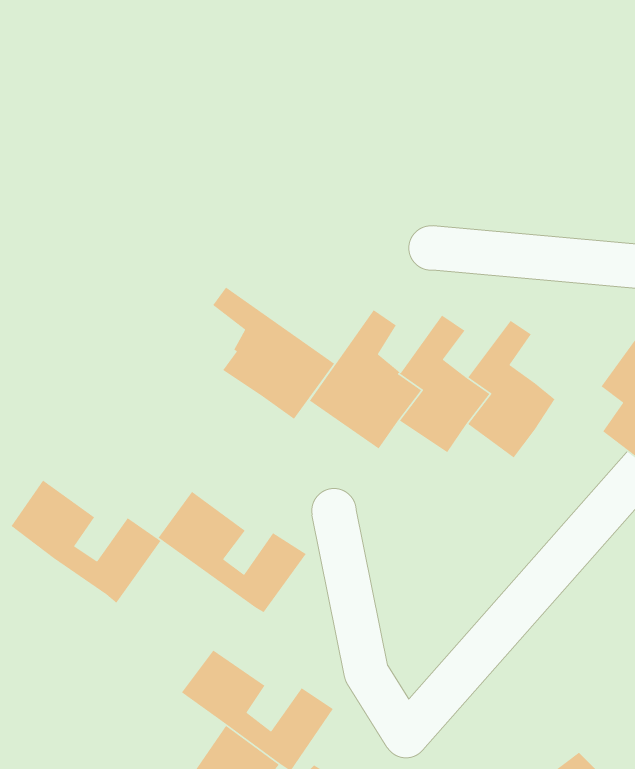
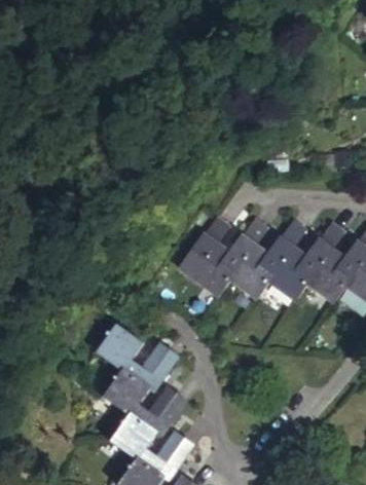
building: [212,286,335,420] -> none
building: none -> [307,226,357,304]
building: [10,479,162,604] -> [99,366,185,437]

